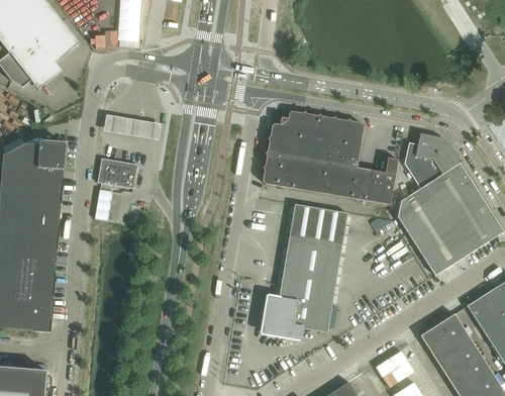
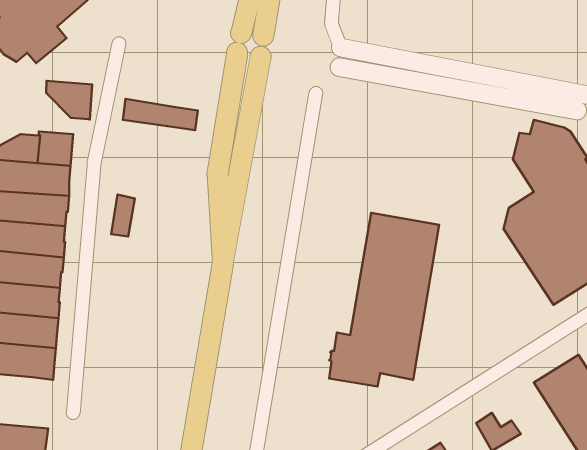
building: none -> [46,81,92,120]
building: [263,111,398,204] -> none
building: [98,158,137,188] -> none

